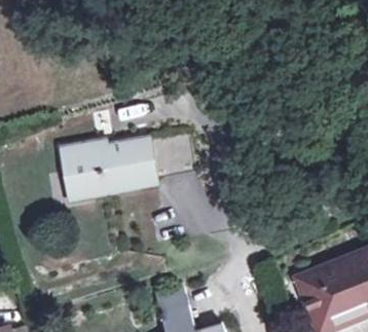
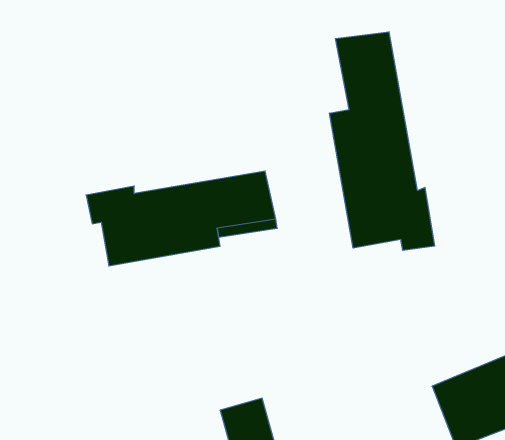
building: none -> [330,32,435,250]

